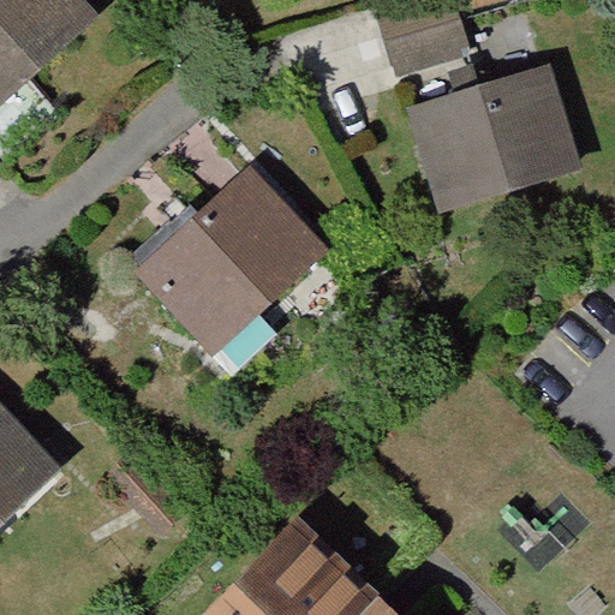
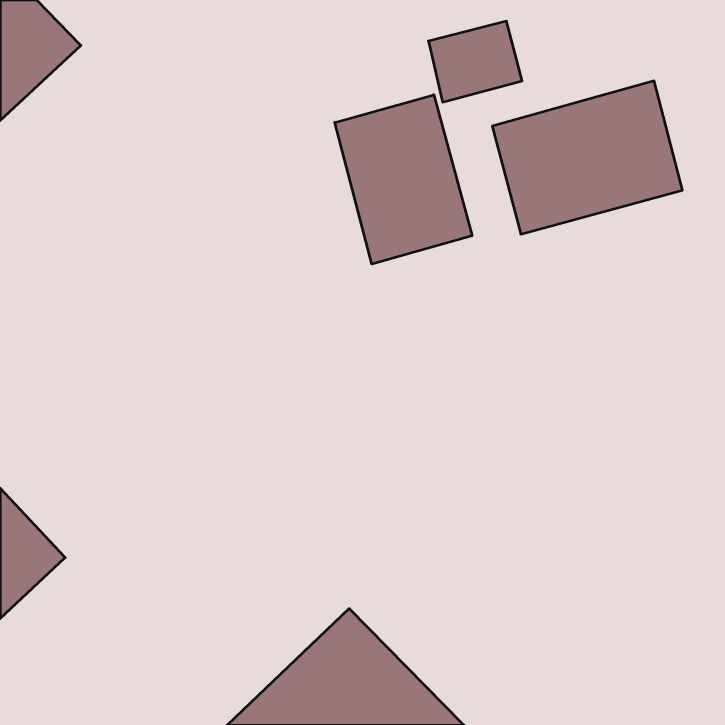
building: none -> [335,95,472,264]
building: [138,168,326,353] -> none

